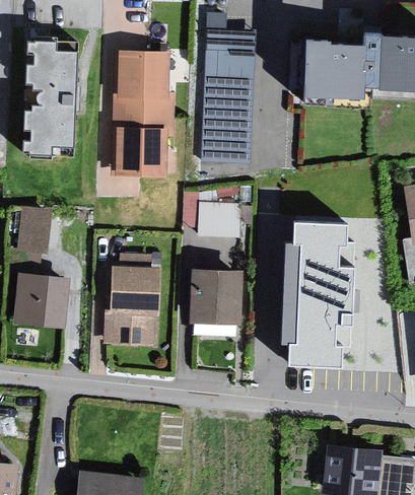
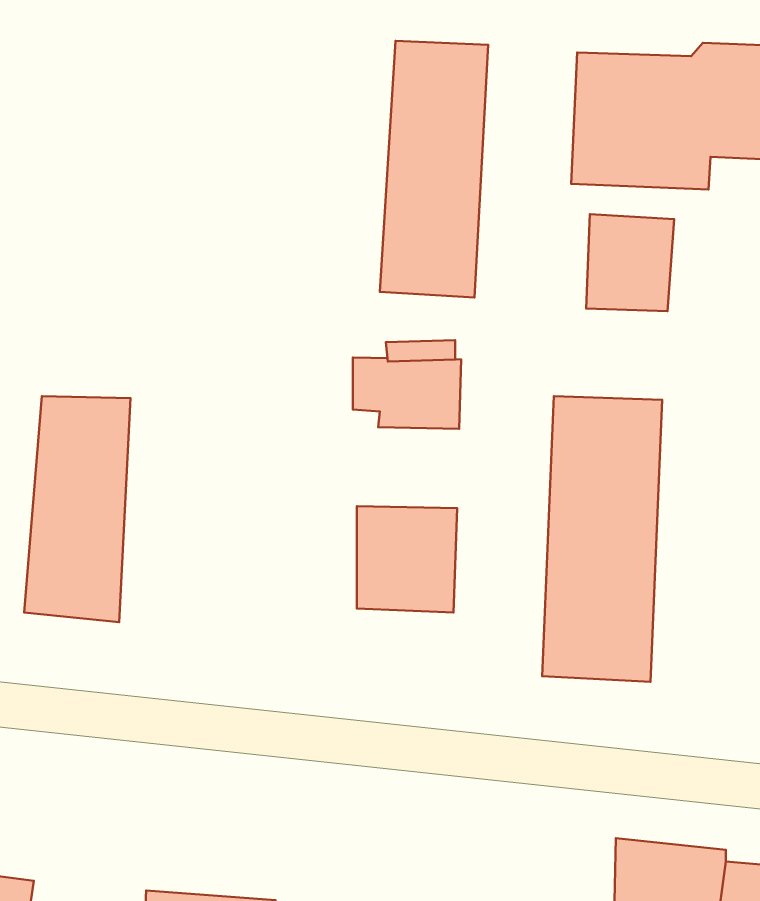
building: [18,49,80,162] -> none
building: [114,55,170,183] -> none
building: none -> [586,214,674,311]
building: [102,268,162,352] -> none

